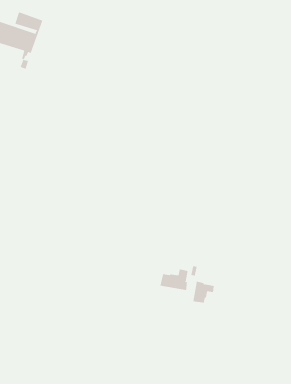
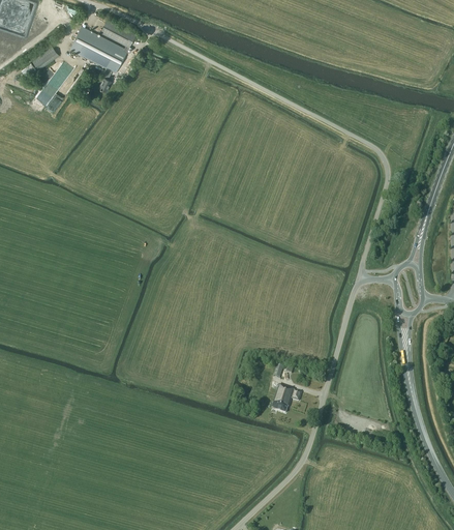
building: [160,268,188,291] -> none

